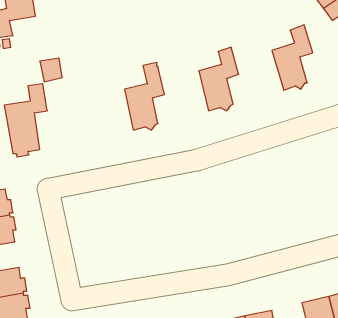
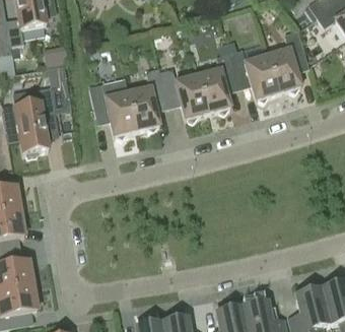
building: none -> [229,48,279,101]
building: none -> [160,67,208,120]
building: none -> [89,77,137,137]

